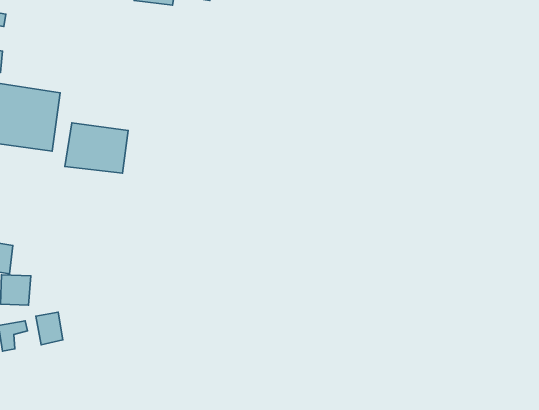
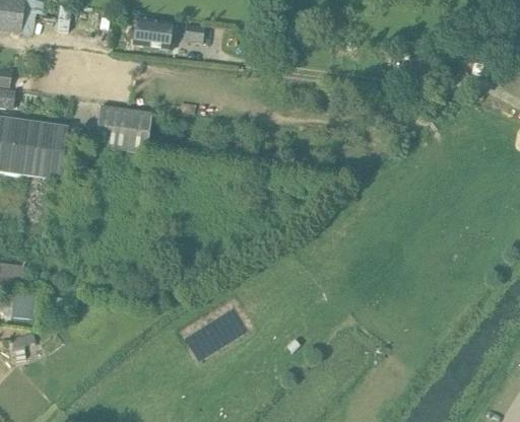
building: [65,123,128,173] -> [93,104,150,150]
building: [36,312,63,345] -> none

